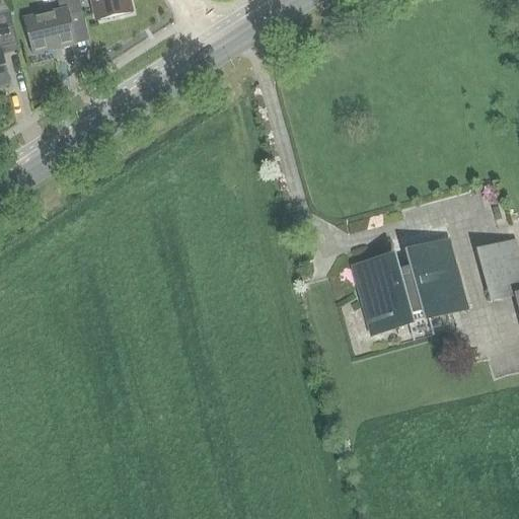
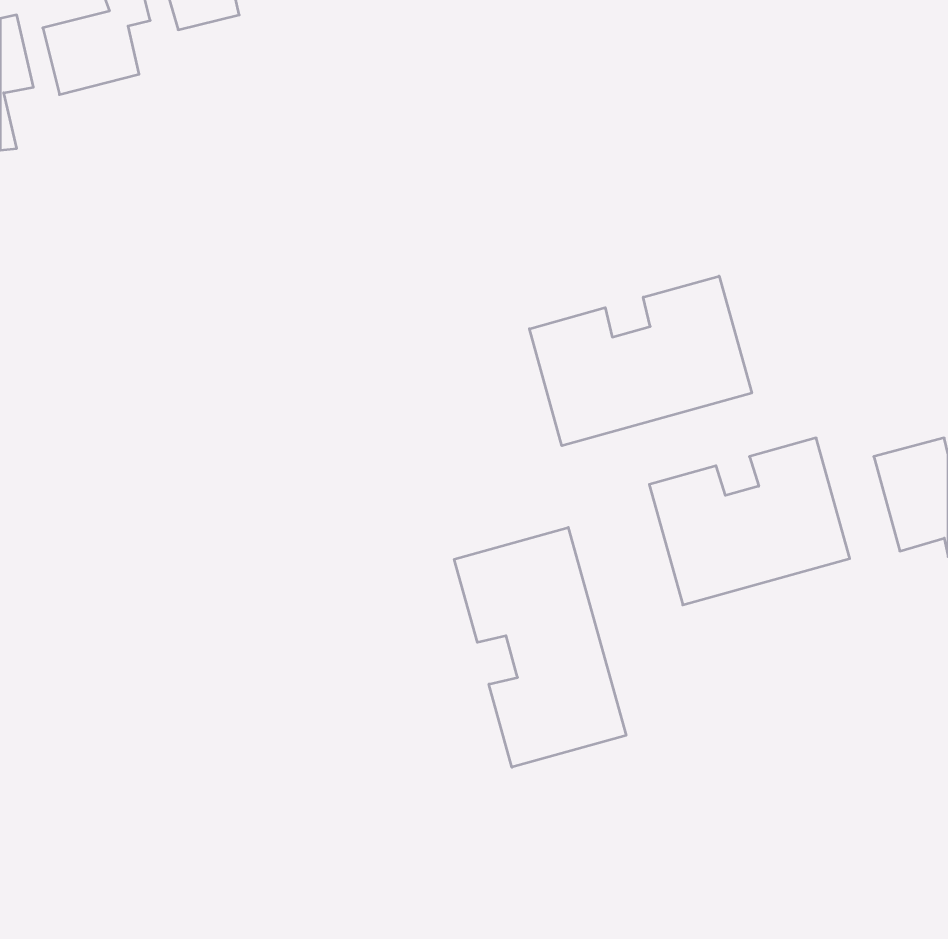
building: none -> [529,276,752,446]
building: none -> [454,527,626,767]

